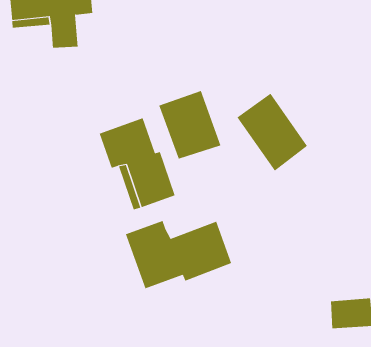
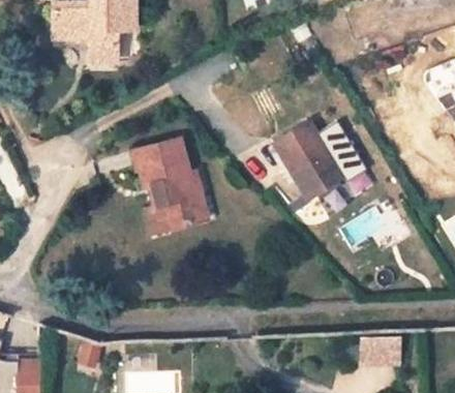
building: [159,90,221,160] -> none
building: [125,220,232,289] -> none

